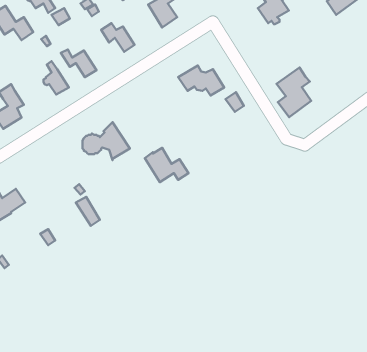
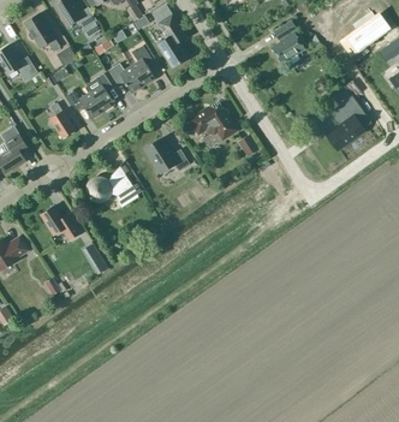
building: none -> [131,44,155,85]
building: none -> [85,73,114,112]
building: [277,68,311,117] -> [328,95,364,147]
building: [145,148,189,182] -> [144,137,190,173]
building: none -> [40,206,81,239]

